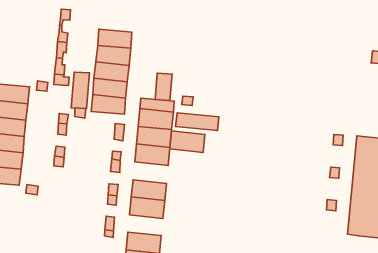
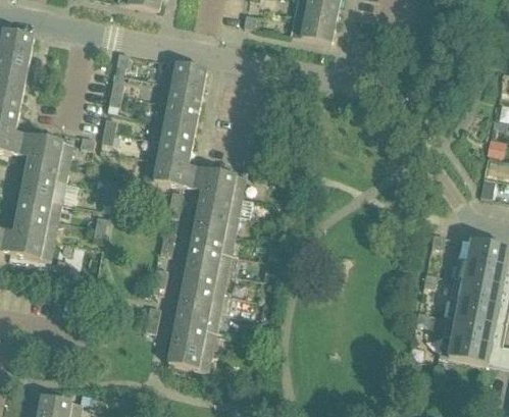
building: none -> [162,60,206,87]
building: [71,72,90,109] -> none
building: [155,73,172,101] -> none
building: [176,113,219,131] -> none
building: [170,131,205,152] -> [187,243,231,272]
building: none -> [174,306,218,334]

